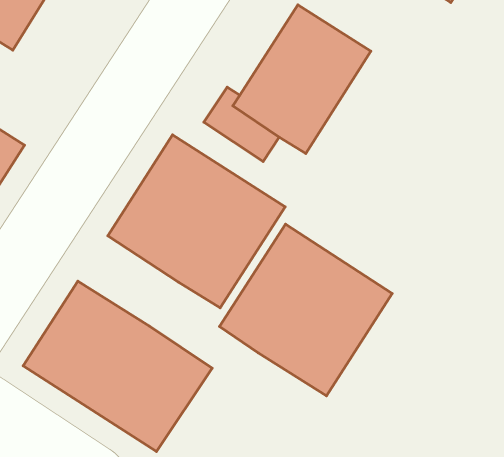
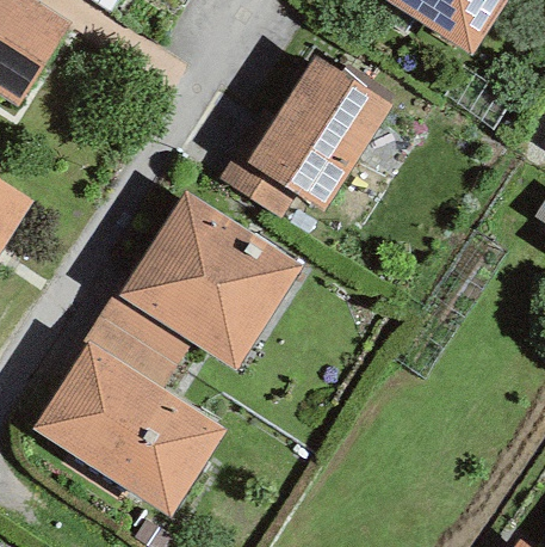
building: [220,224,392,396] -> none
building: none -> [83,290,191,387]

